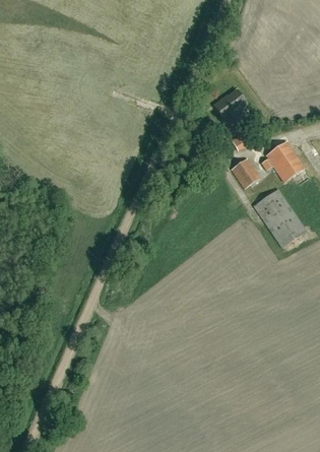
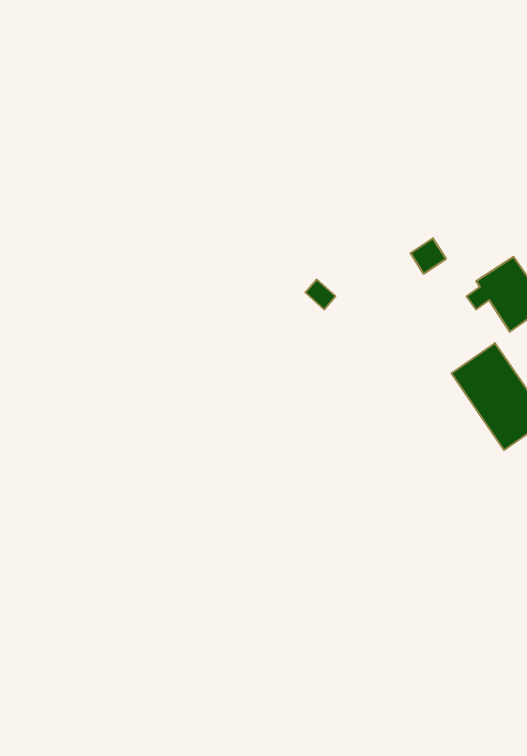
building: [214,89,247,129] -> none
building: [231,157,260,188] -> none

